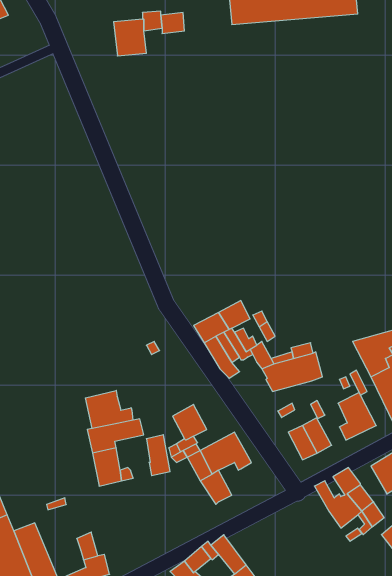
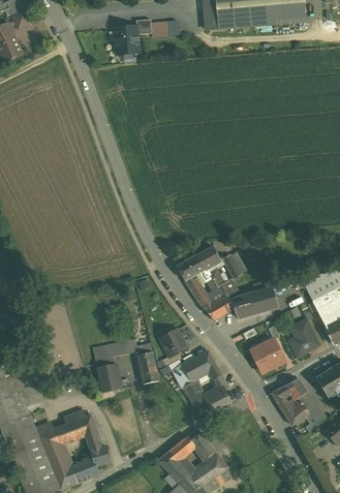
building: none -> [204,295,234,319]
building: [85,390,133,428] -> none
building: none -> [195,373,229,411]
building: none -> [61,414,95,439]

